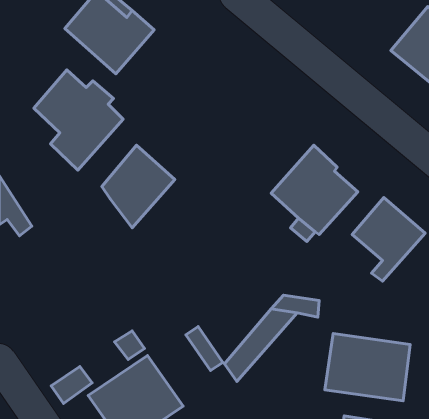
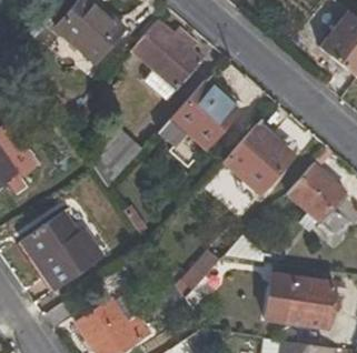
building: [34,70,123,170] -> [131,19,204,100]
building: none -> [159,80,239,149]
building: none -> [20,211,105,291]

